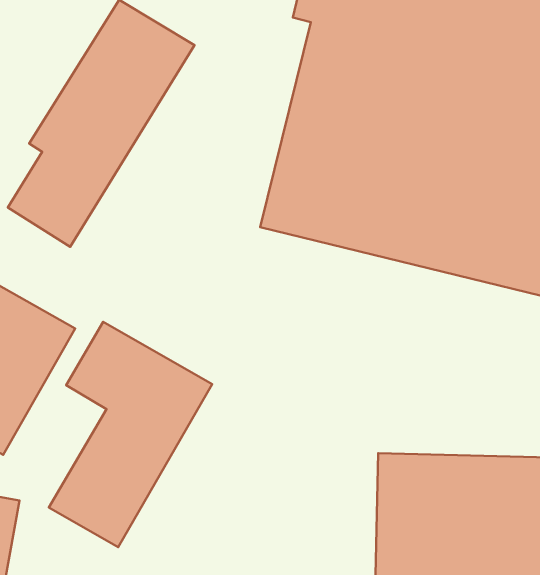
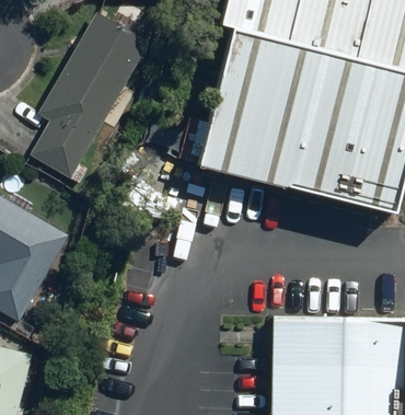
building: [49,322,212,547] -> none

